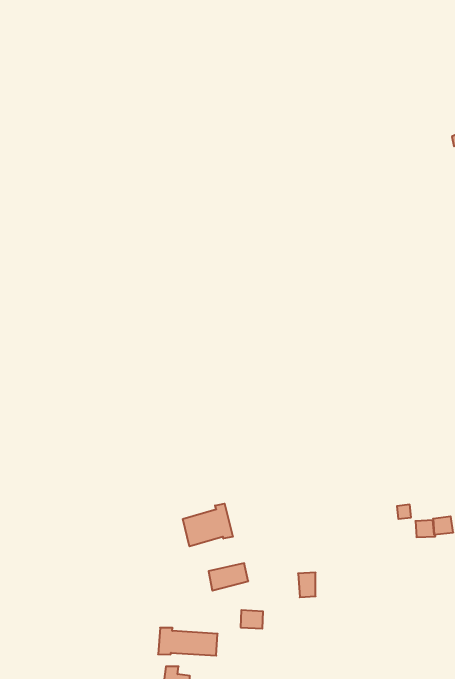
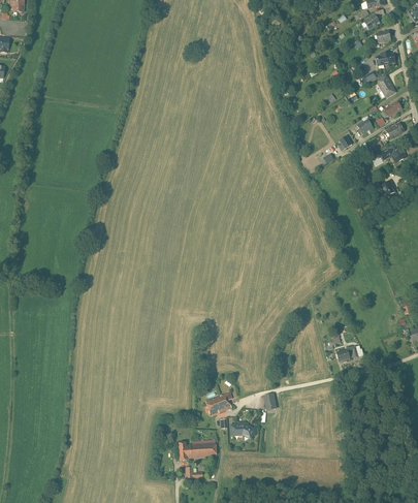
building: [183,504,233,546] -> none

